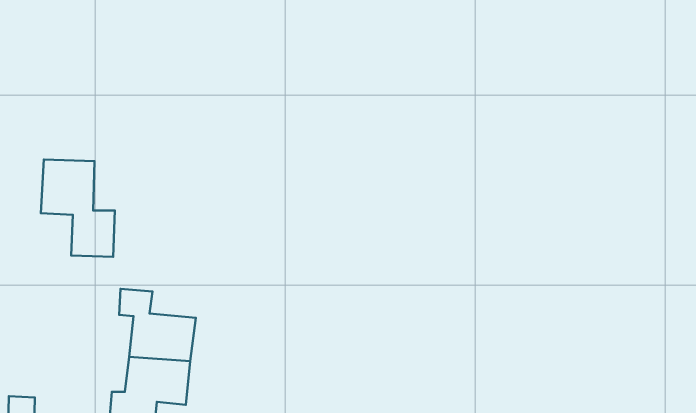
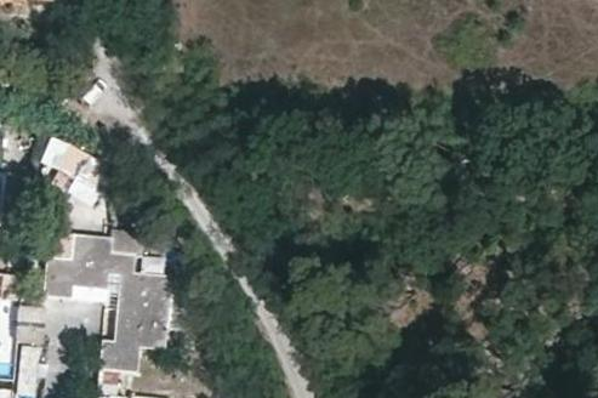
building: none -> [42,234,110,298]

